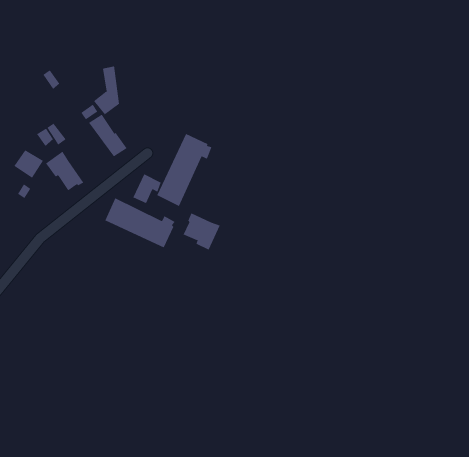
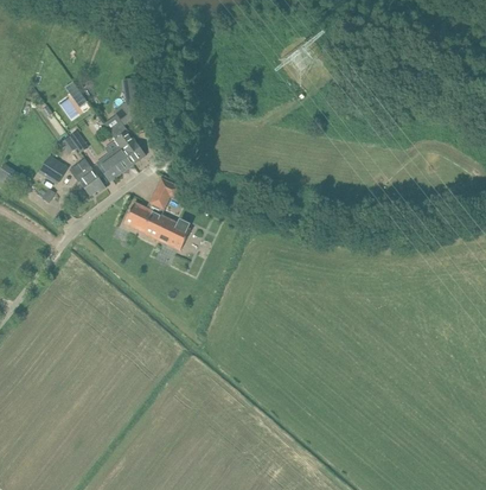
building: [156,133,212,207] -> none
building: none -> [96,145,133,179]
building: [183,213,221,250] -> none

